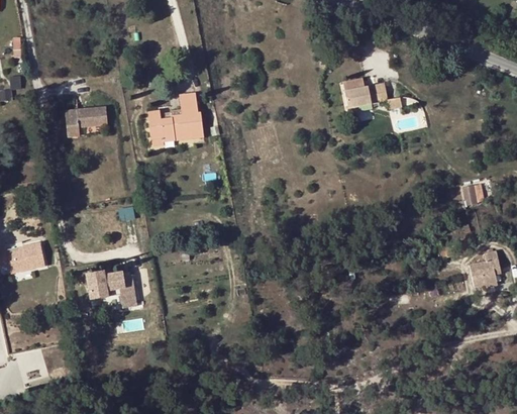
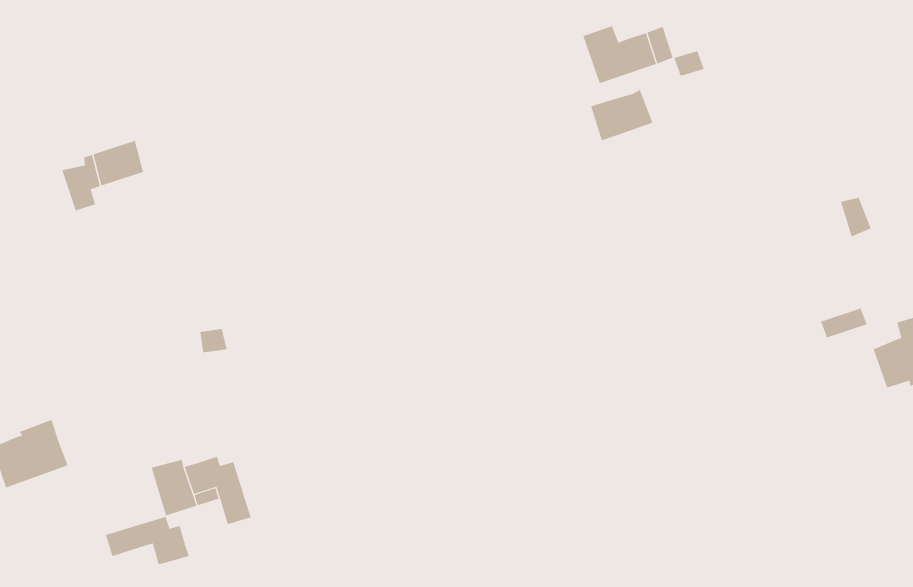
building: [147,94,203,141] -> none
building: none -> [590,89,653,141]
building: none -> [105,516,189,565]

